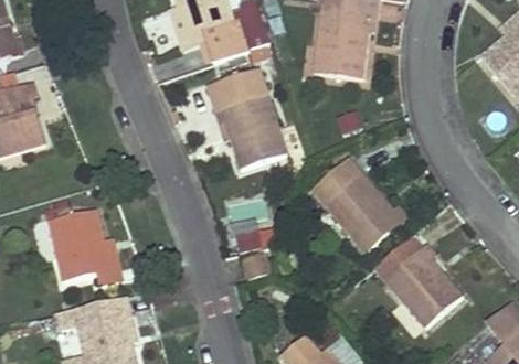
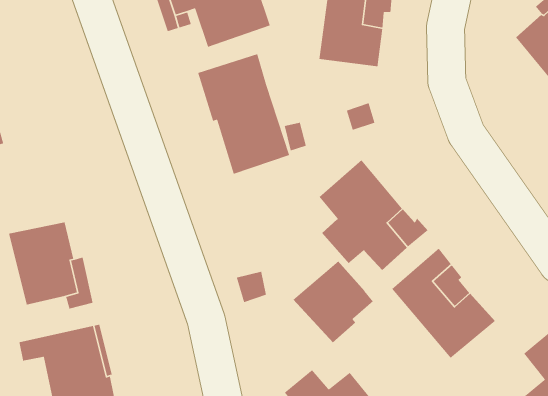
building: none -> [292,260,374,343]

